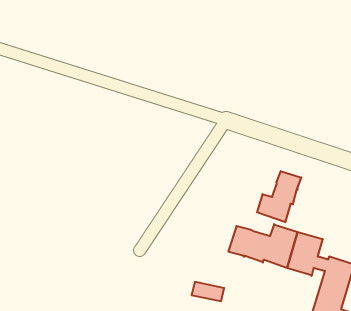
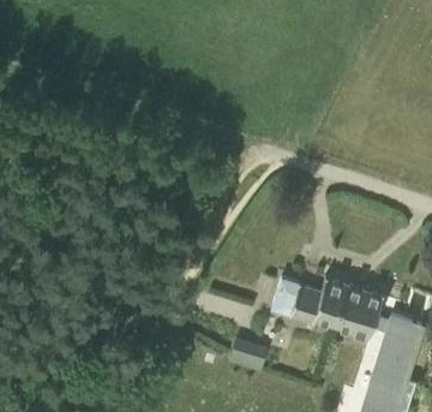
building: [257,171,301,222] -> none

